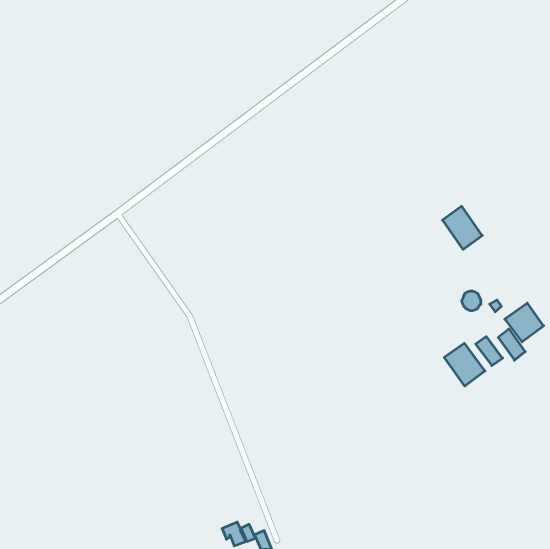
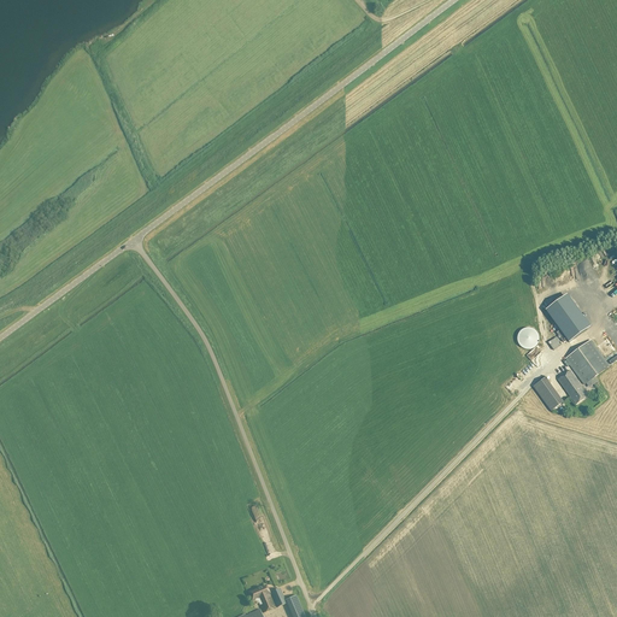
building: [442,206,482,249] -> [545,292,589,340]
building: [444,343,485,386] -> none

